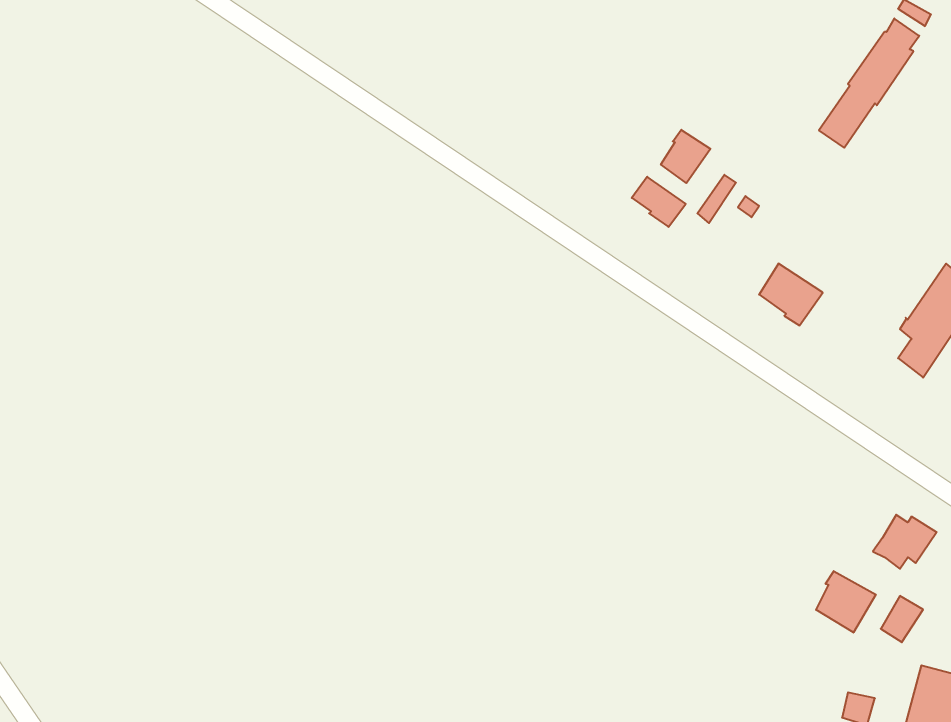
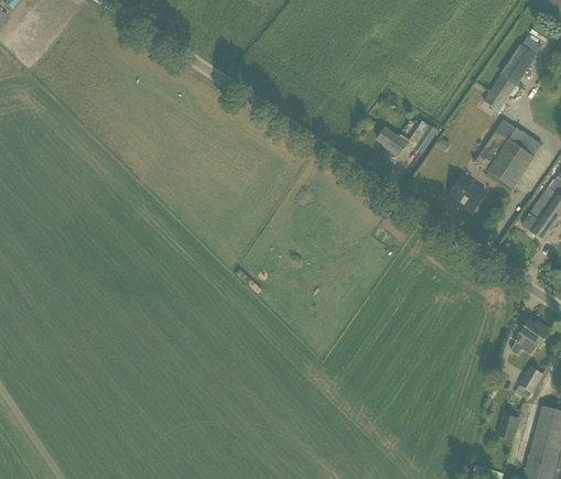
building: [661,130,710,183] -> none
building: none -> [474,118,541,187]
building: [816,571,876,633] -> none

